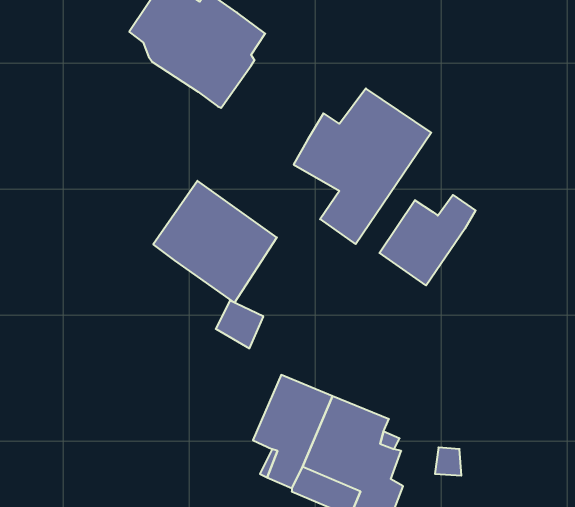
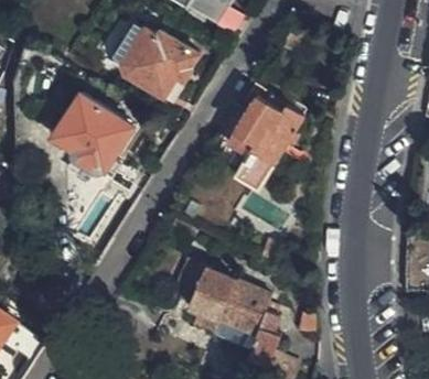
building: [153,181,277,303] -> [55,93,132,169]
building: [379,195,476,285] -> none

